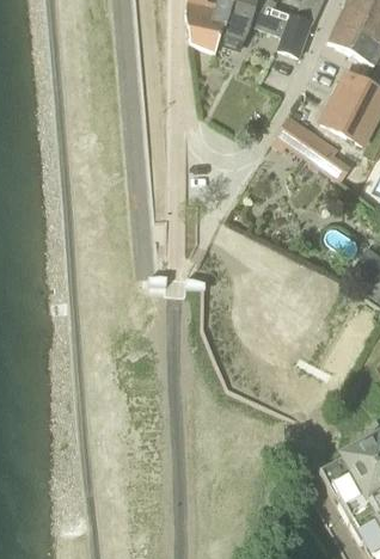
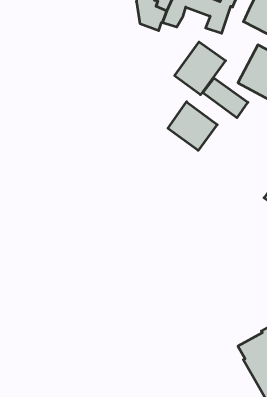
building: none -> [175,42,226,95]
building: none -> [168,102,217,150]

